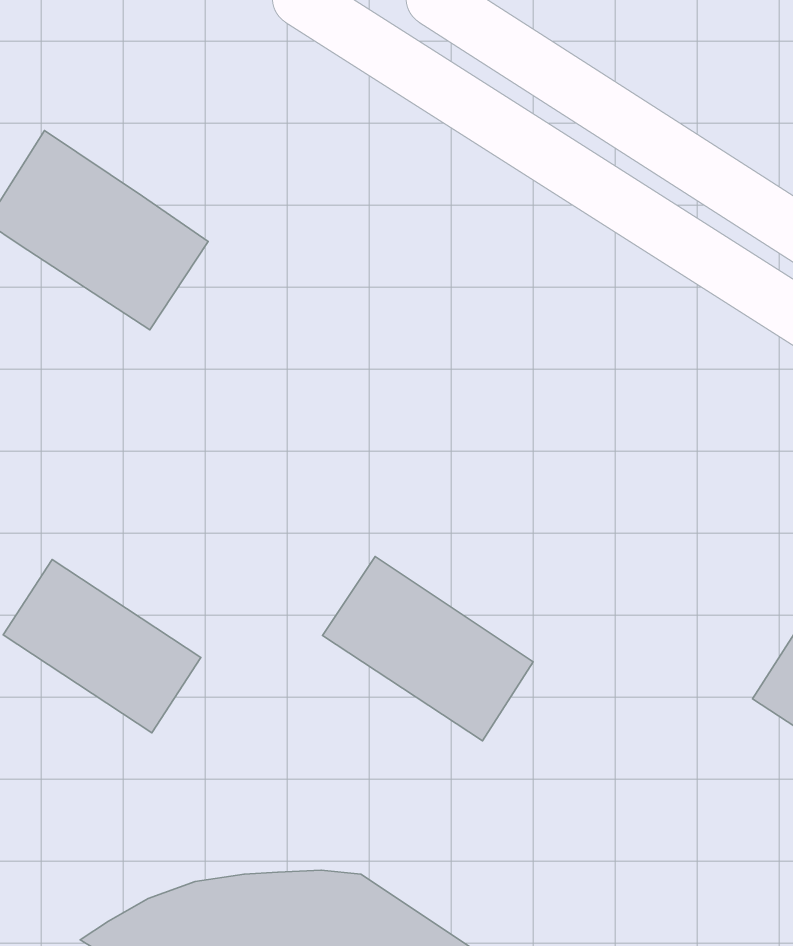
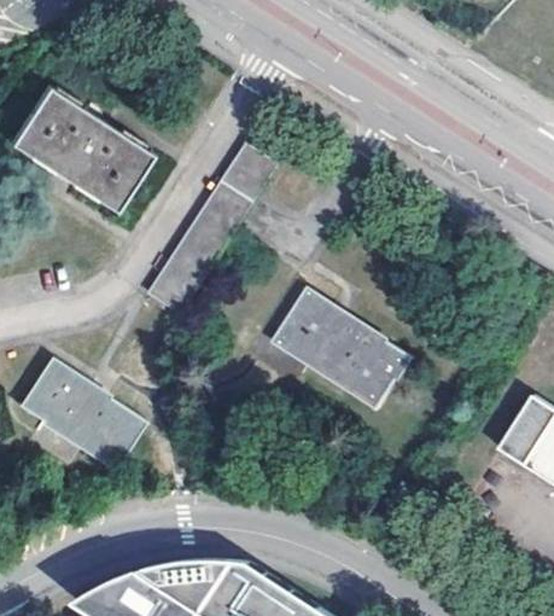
building: none -> [147,145,278,315]
building: [322,556,533,741] -> [274,291,409,409]

